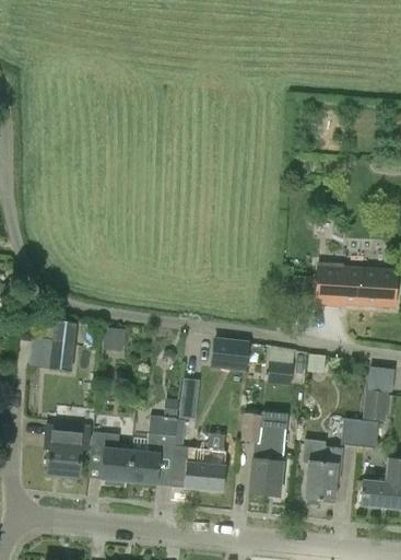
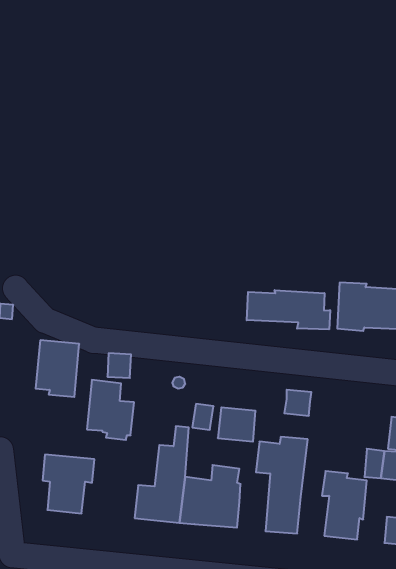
building: none -> [247,290,330,329]
building: [212,342,247,374] -> [218,407,256,442]
building: [87,430,131,486] -> [87,380,134,440]

